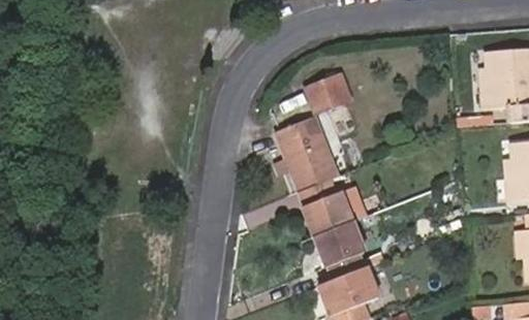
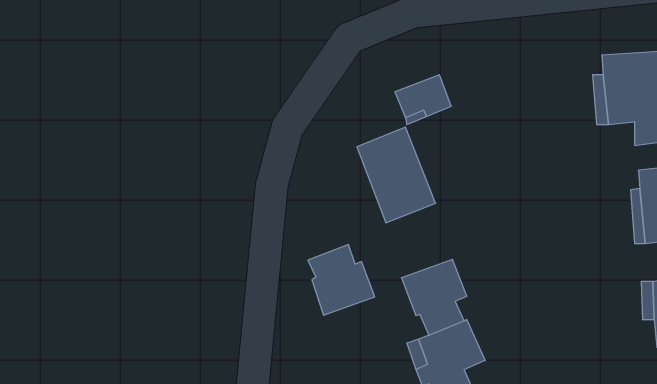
building: [306,172,359,228] -> [308,245,375,315]

